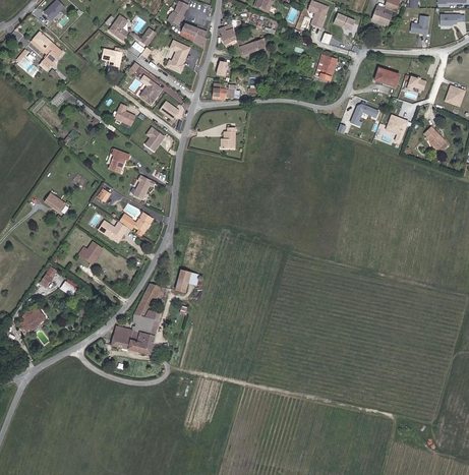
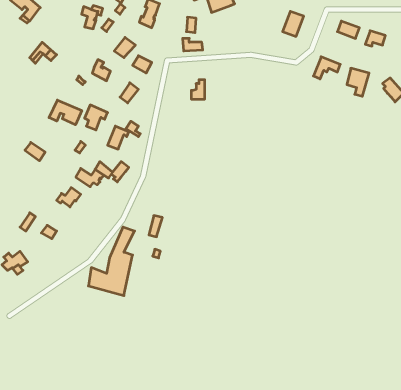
building: none -> [49,100,82,125]

